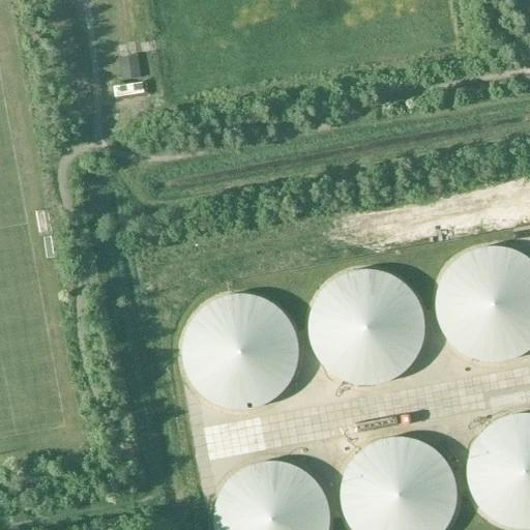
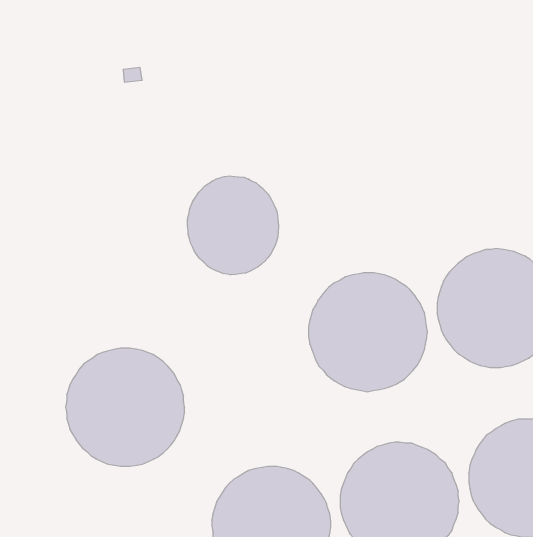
building: none -> [188,176,278,275]
building: [182,293,299,409] -> [66,348,185,466]

